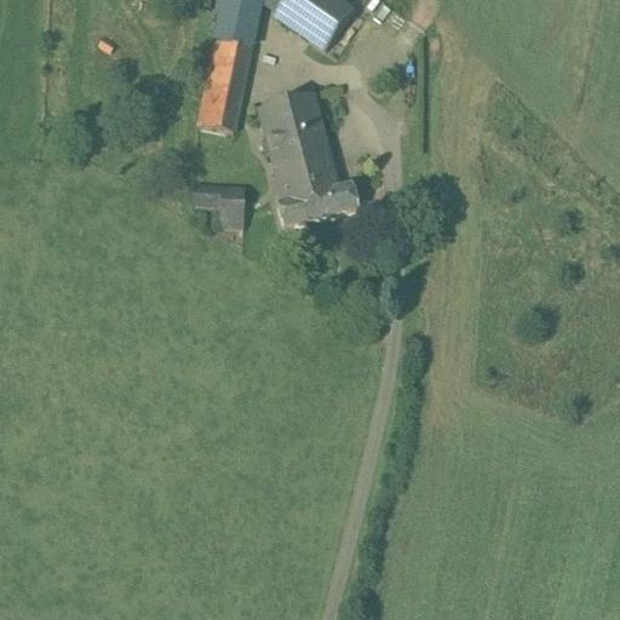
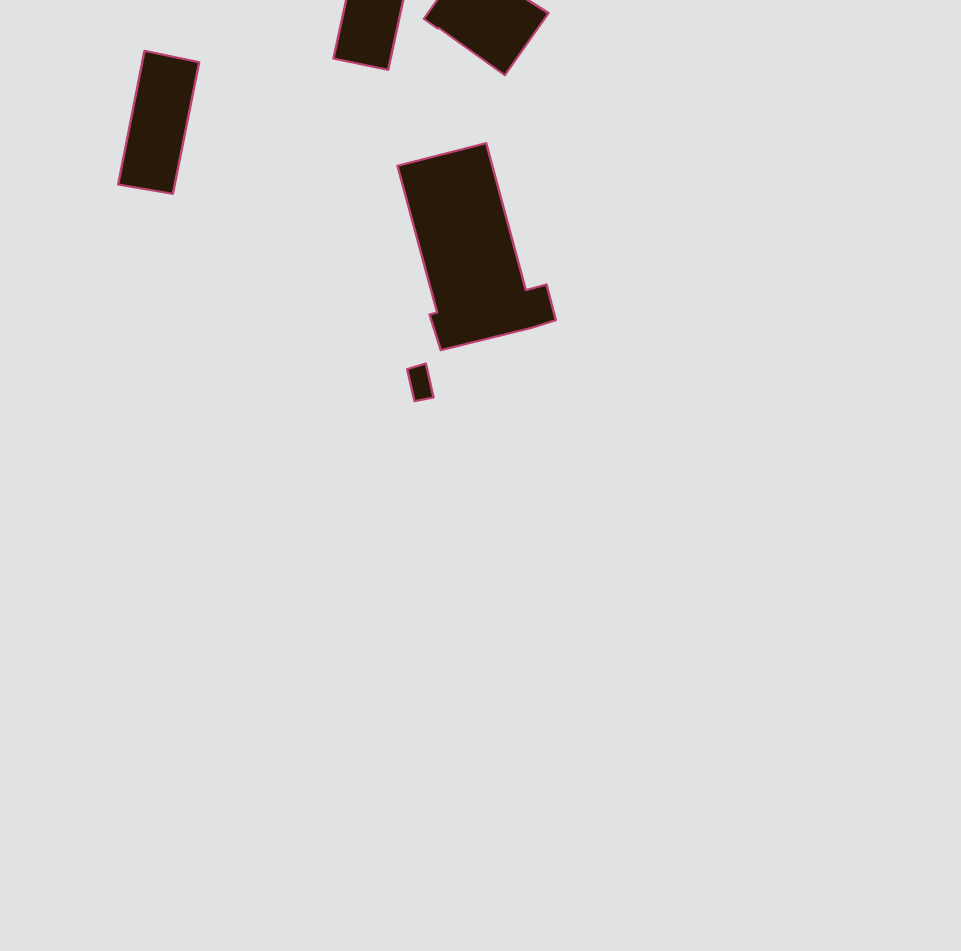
building: [199,38,251,130] -> [118,51,199,194]
building: [193,184,246,226] -> none

